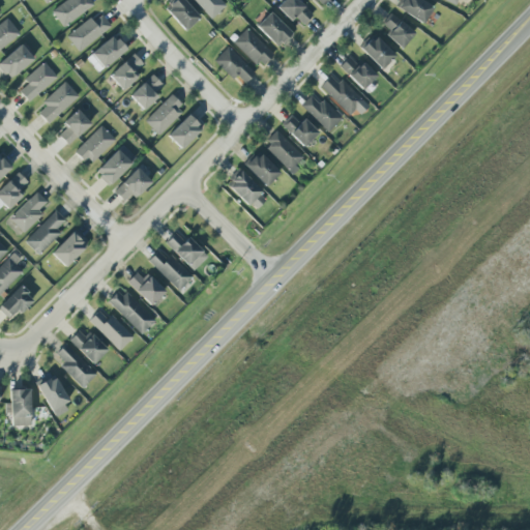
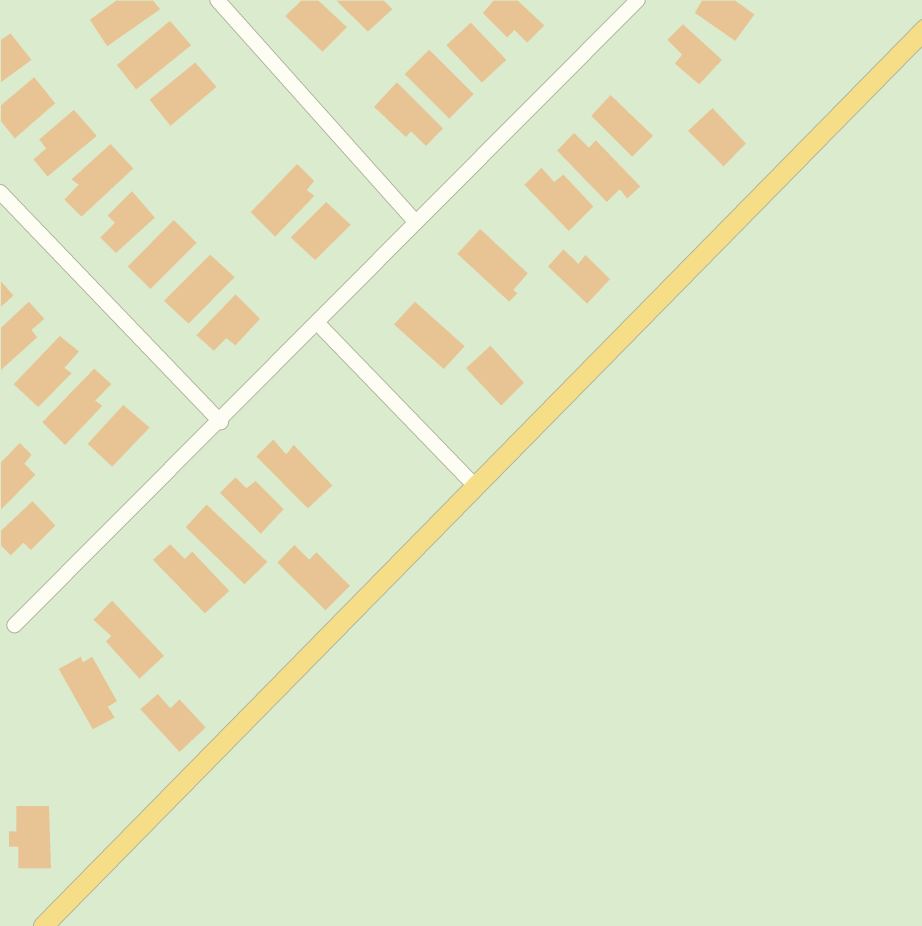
building: [361,35,395,69] -> [687,107,747,167]
building: [110,54,144,91] -> none
building: [130,73,163,111] -> none
building: [282,115,318,147] -> [547,248,611,305]
building: [245,151,279,186] -> [465,345,525,406]
building: [166,233,208,271] -> [277,544,351,611]
building: [69,330,108,364] -> [140,693,207,753]
building: [6,389,31,425] -> [8,806,52,869]

